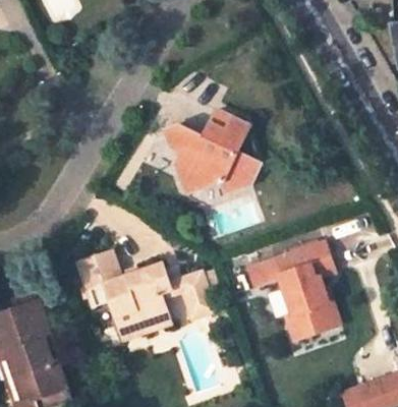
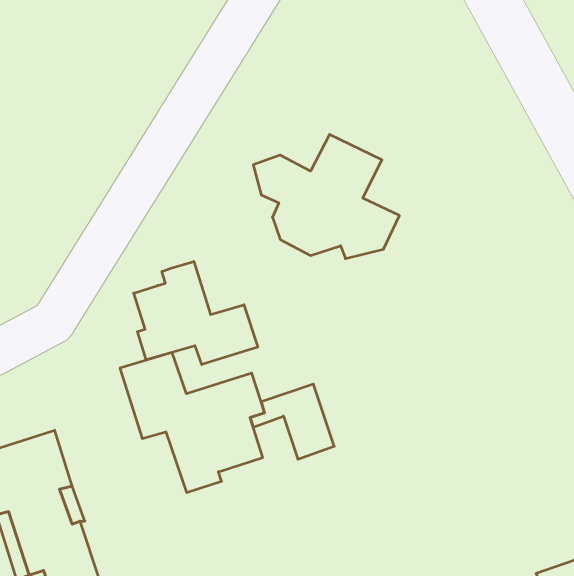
building: none -> [134,261,258,365]
building: [270,238,337,337] -> none

